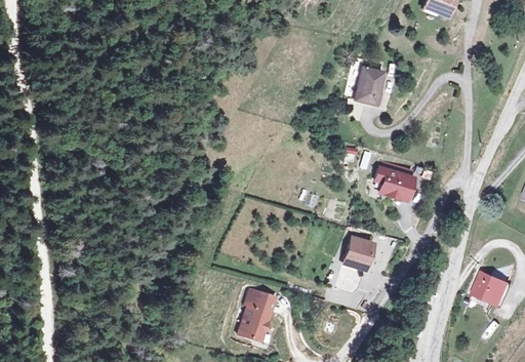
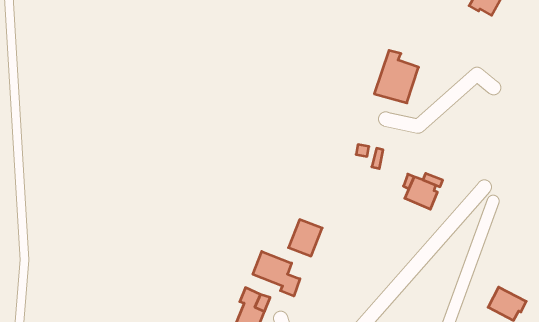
building: [337,235,367,268] -> [288,220,322,256]
building: none -> [253,251,300,296]

